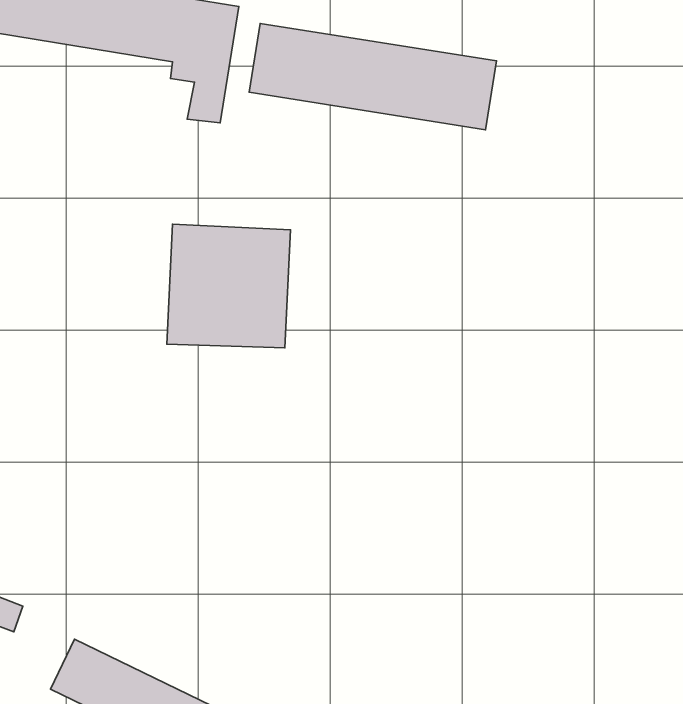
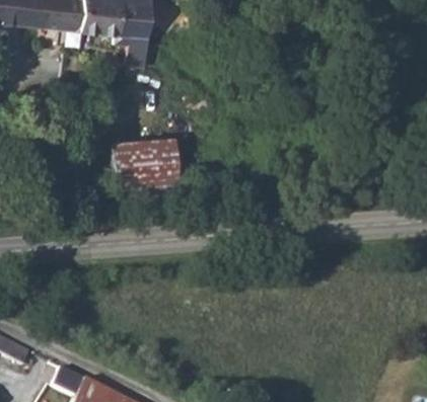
building: [249,23,497,130] -> none

